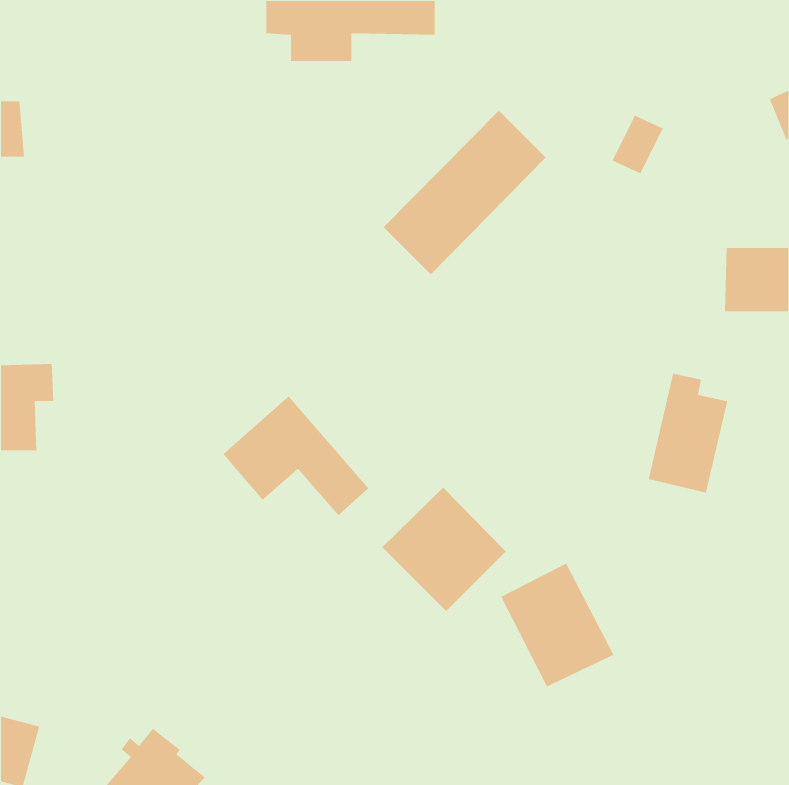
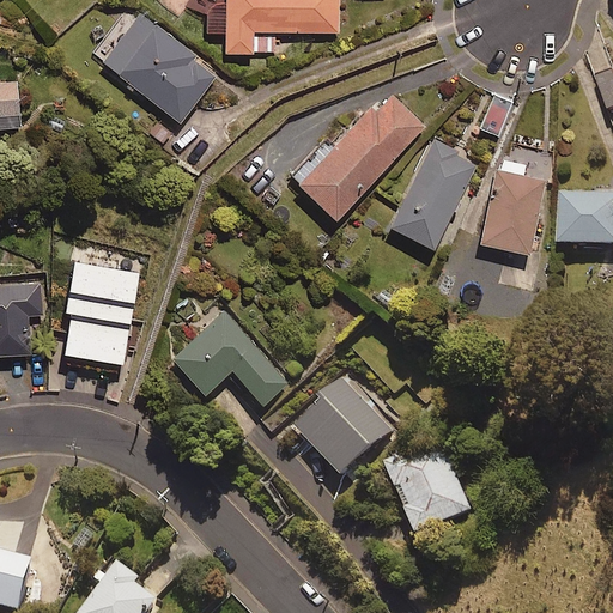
building: none -> [102,13,217,121]
building: none -> [390,142,475,248]
building: none -> [56,256,147,374]
building: [648,373,728,494] -> [482,159,545,253]

